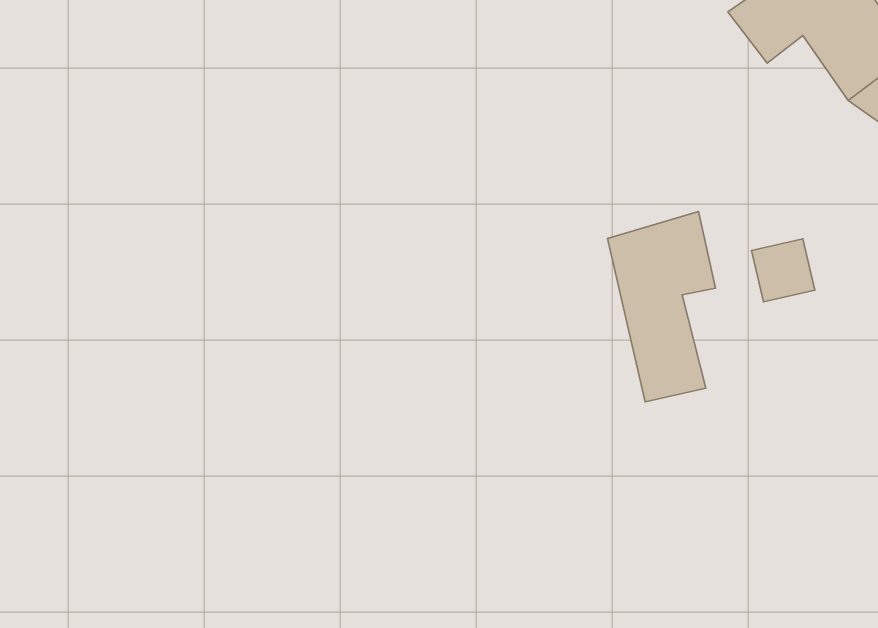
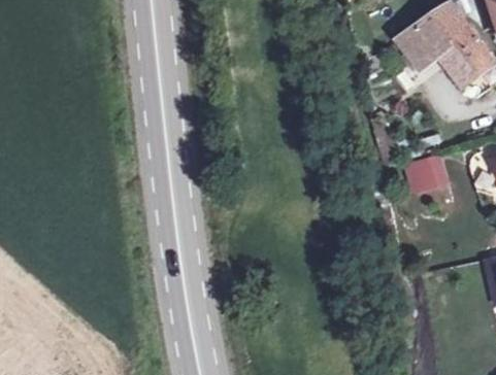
building: [607,211,716,402] -> none

